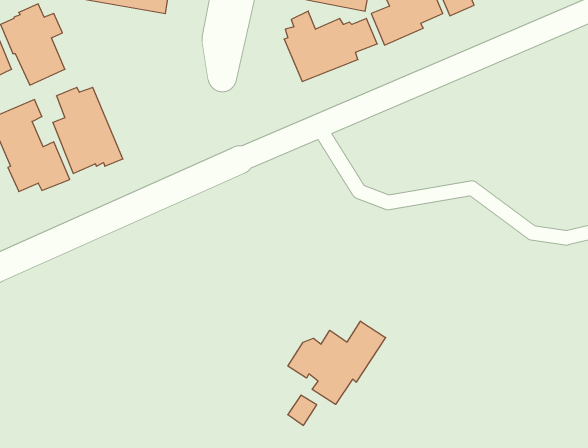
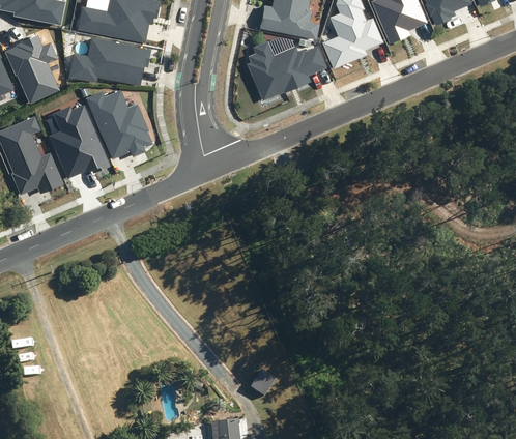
building: none -> [68,37,150,85]
building: none -> [85,88,151,159]
building: [288,321,386,404] -> none

